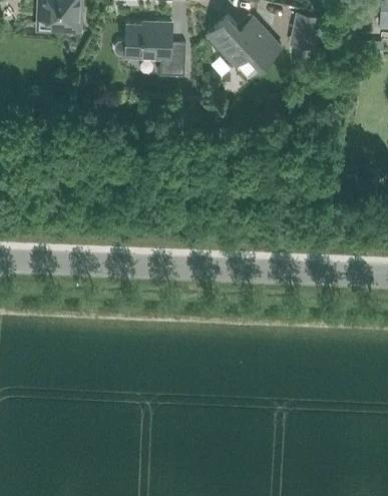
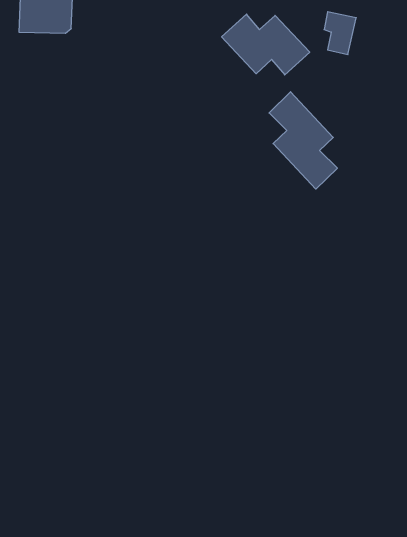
building: [114,23,185,76] -> none
building: none -> [269,92,337,189]

